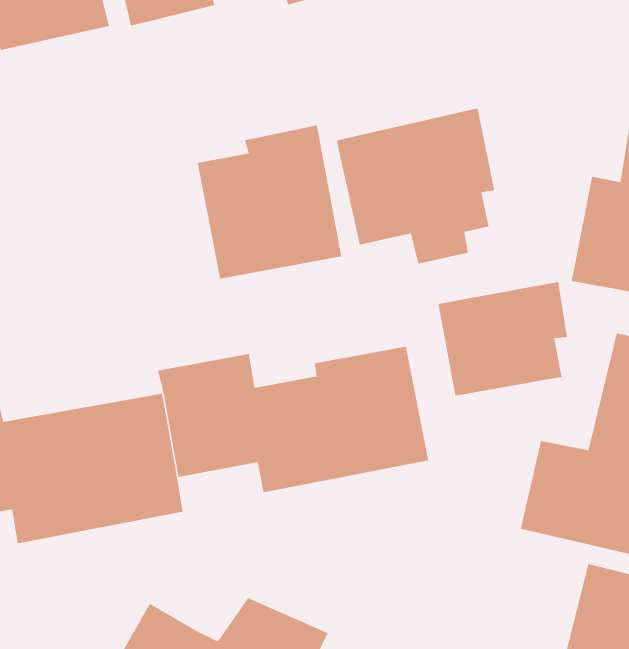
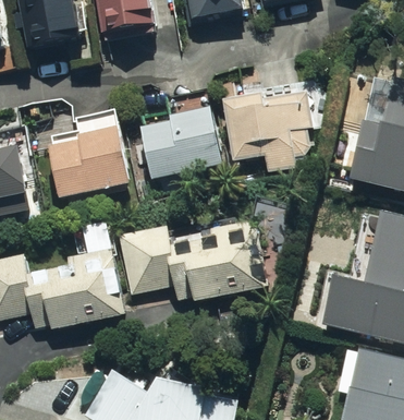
building: none -> [47,107,137,201]
building: [438,281,568,396] -> none

